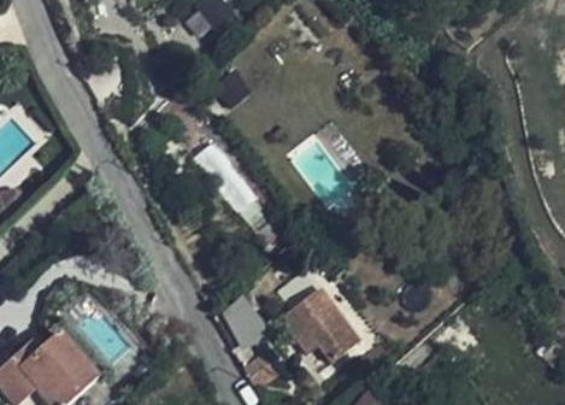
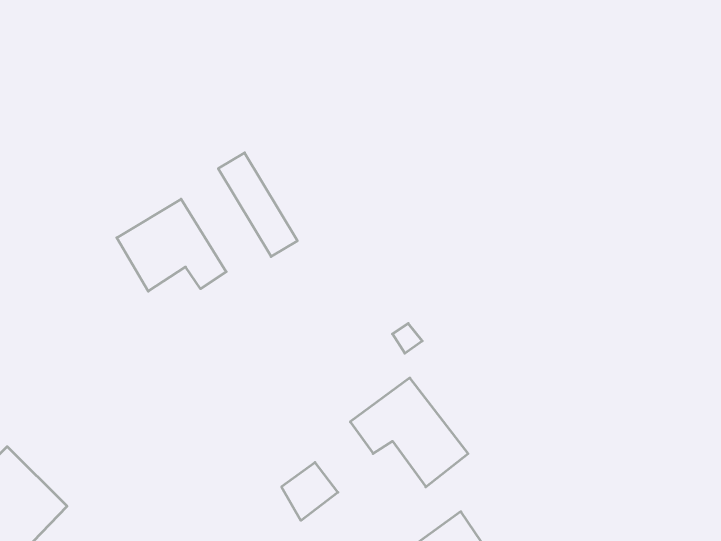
building: none -> [117,199,226,291]
building: [222,292,270,344] -> none

